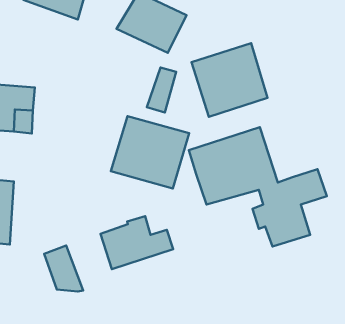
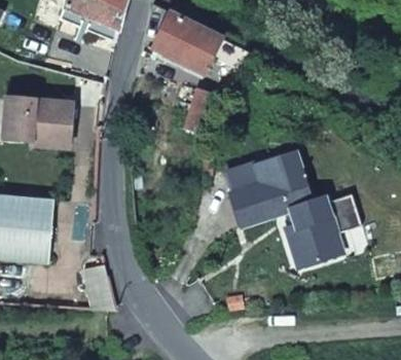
building: [192,43,268,117] -> none
building: [111,116,189,189] -> none
building: [100,216,173,269] -> none

